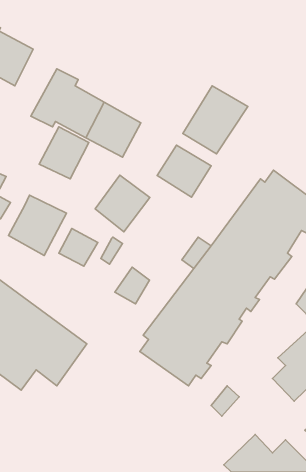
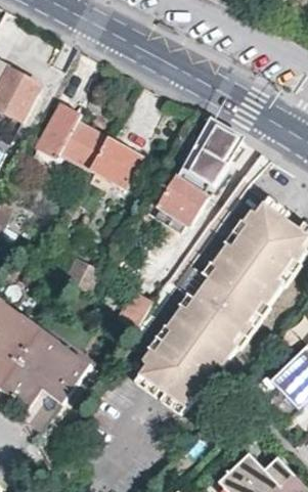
building: [39,127,89,179] -> none
building: [95,175,150,232] -> none
building: [9,195,66,256] -> none

